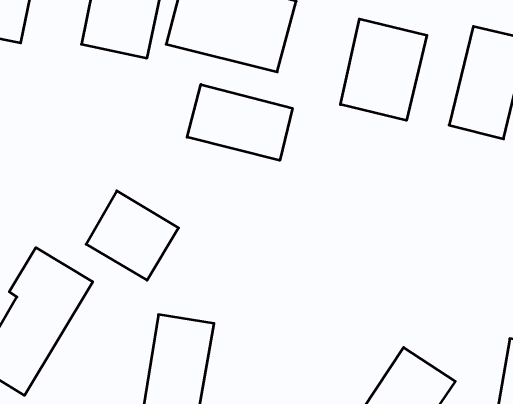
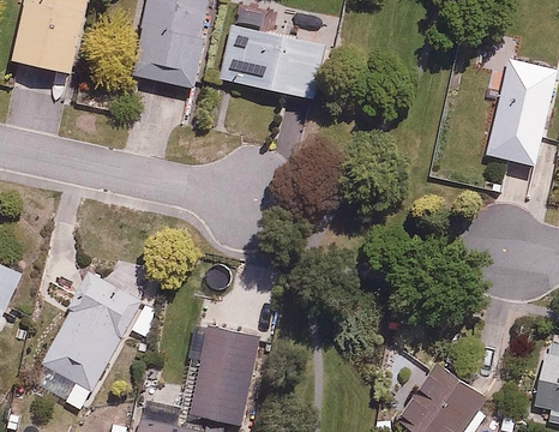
building: [340,19,427,120] -> none
building: [187,84,292,160] -> none
building: [86,191,179,280] -> none

